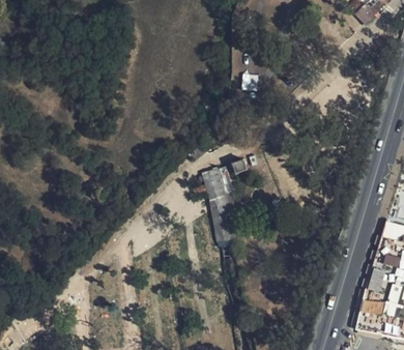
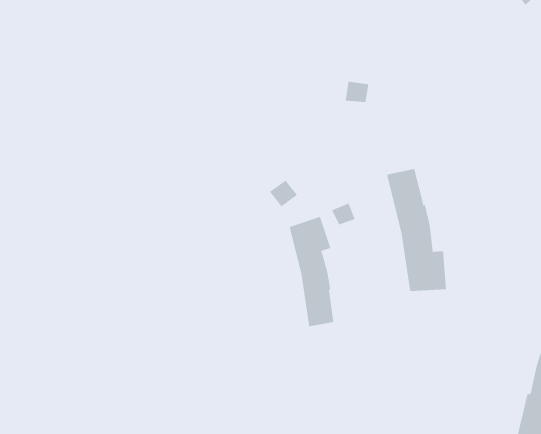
building: none -> [387,168,447,292]

